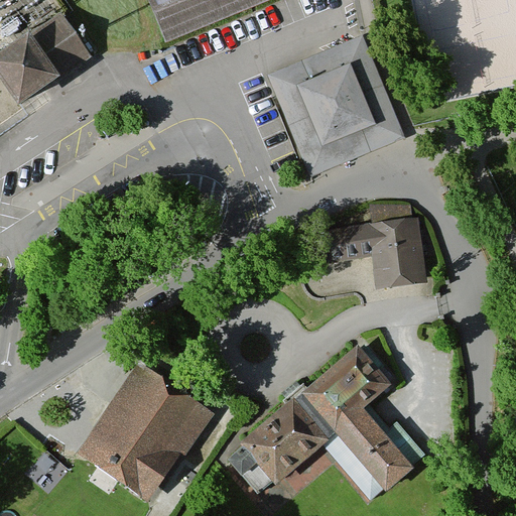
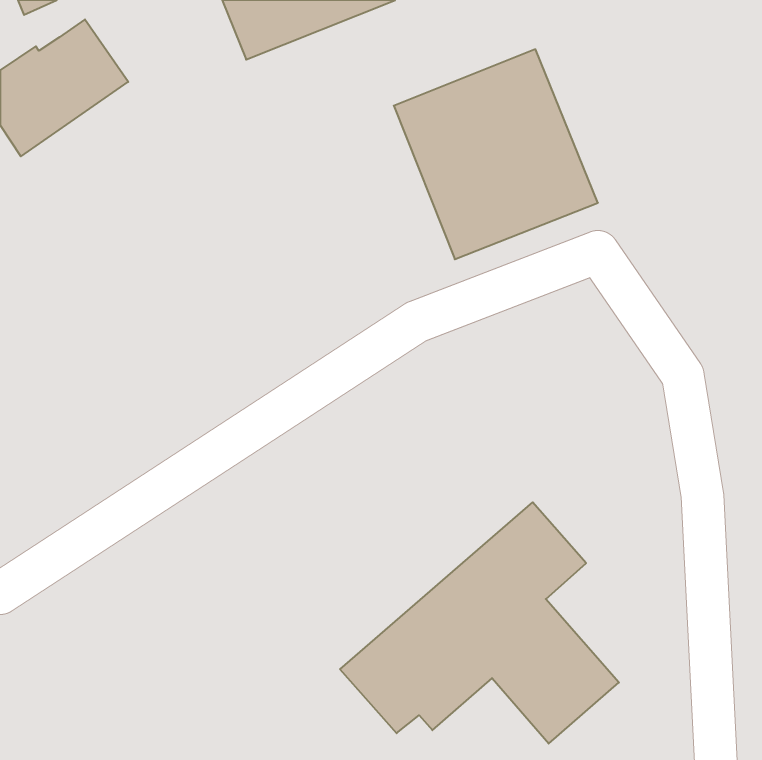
building: [340,220,428,286] -> none
building: [79,360,213,497] -> none

